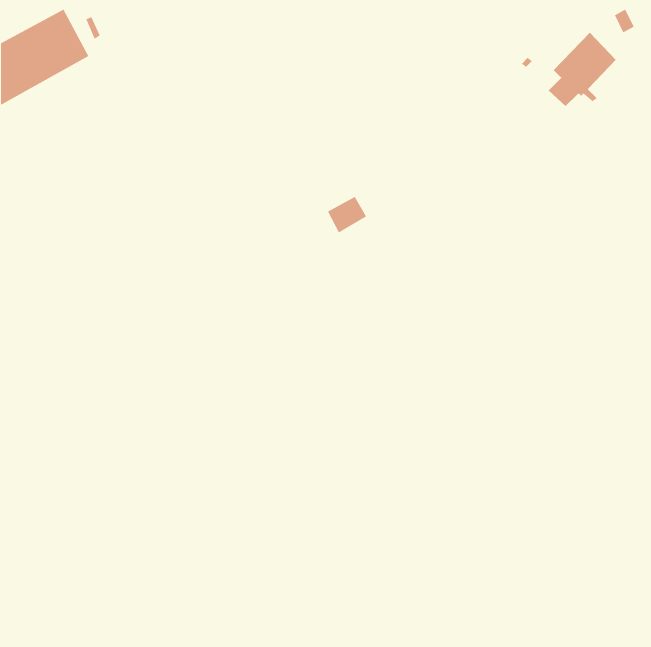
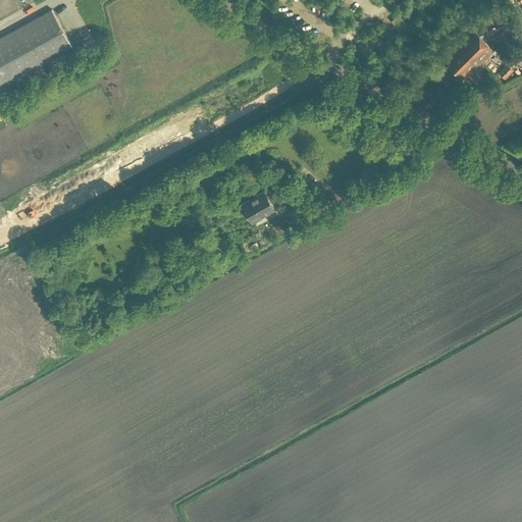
building: [327,196,367,233] -> [240,194,271,223]

